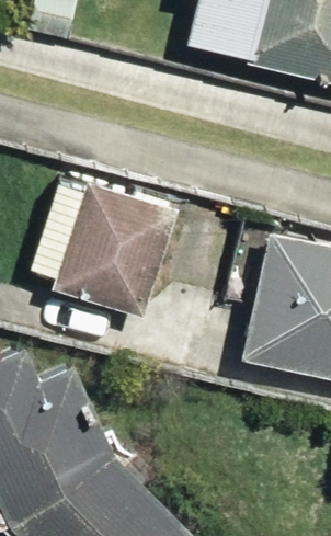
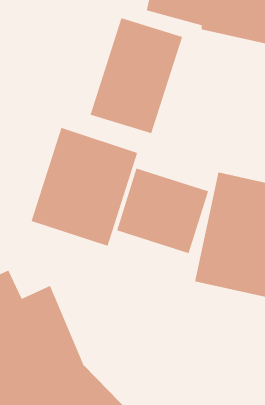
building: none -> [89,17,183,134]
building: none -> [116,167,209,254]

